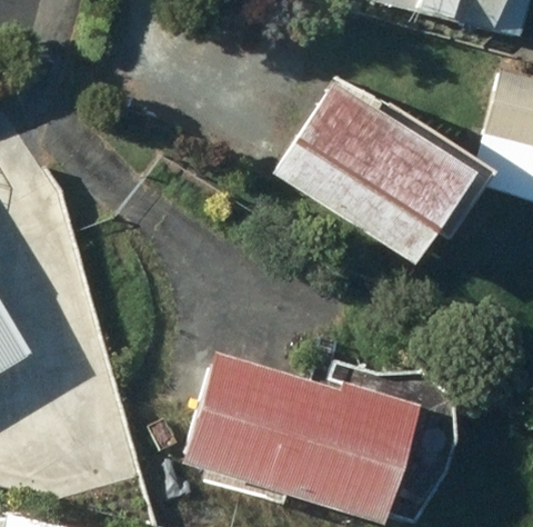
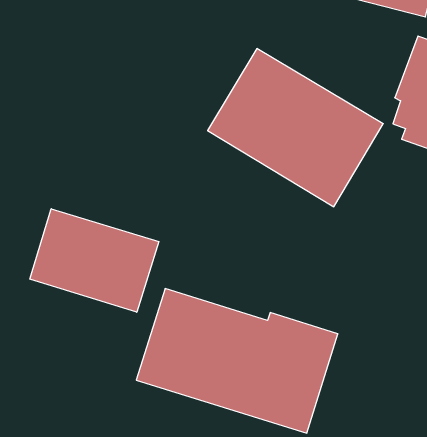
building: none -> [30,209,159,312]

